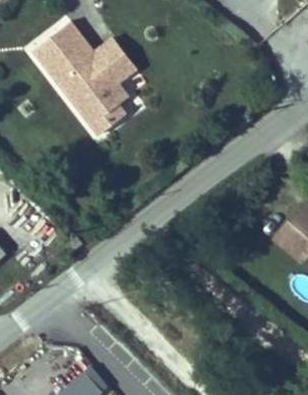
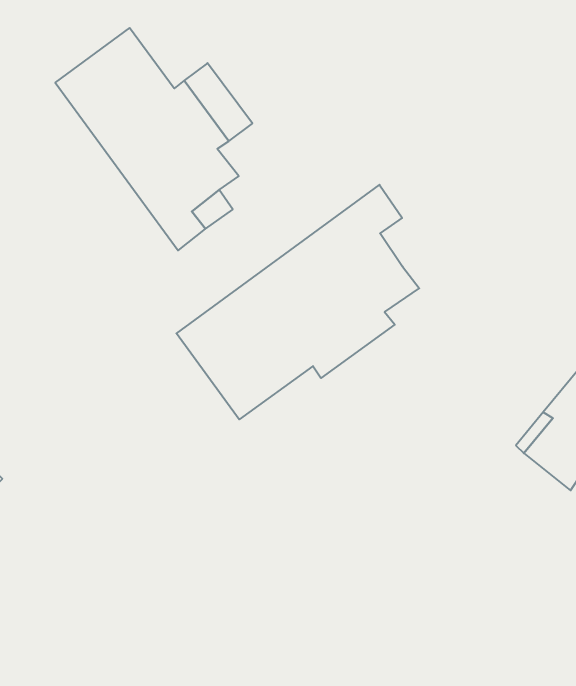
building: none -> [176,185,419,419]

